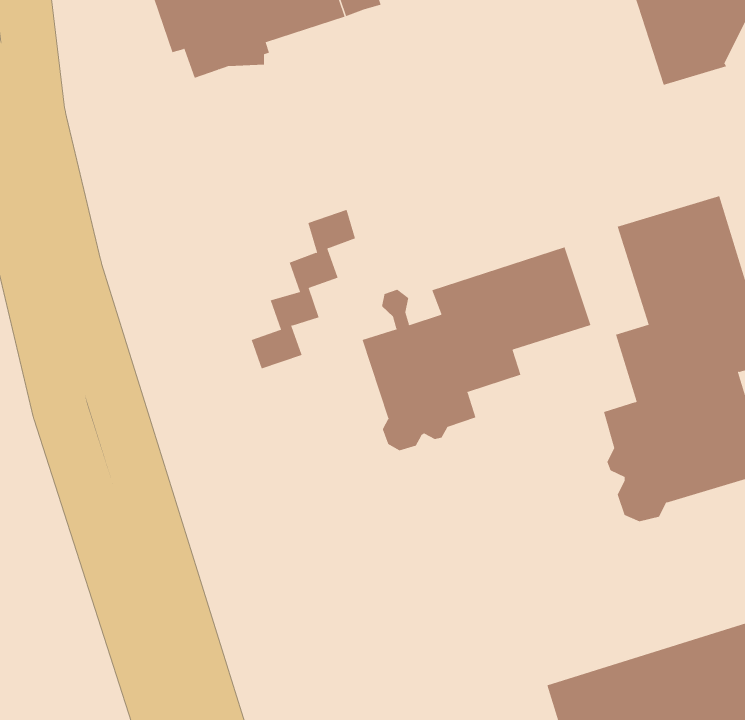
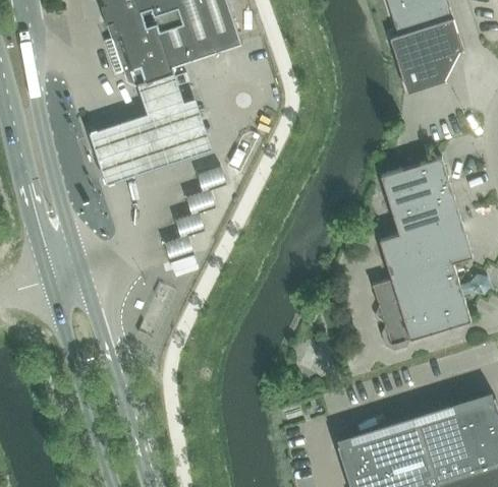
building: none -> [89,69,211,183]
building: [362,246,591,451] -> none

